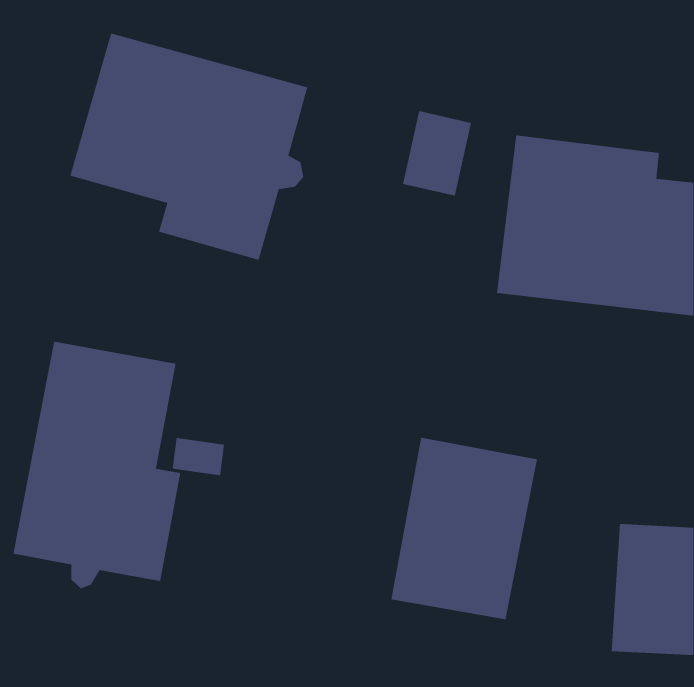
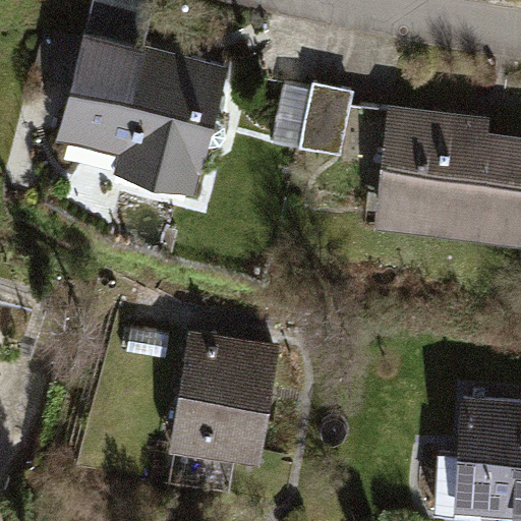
building: [13,341,181,589] -> none
building: [390,437,538,620] -> [172,334,282,470]

